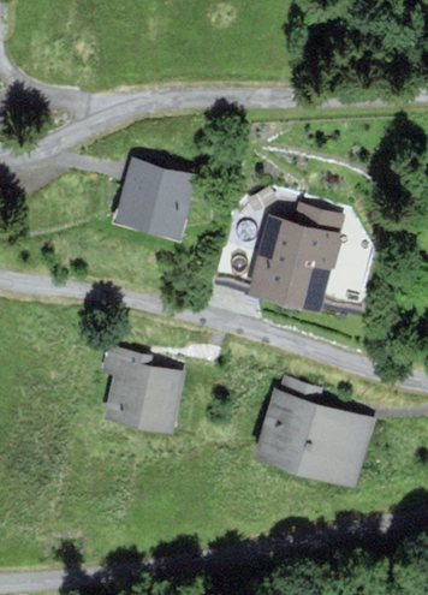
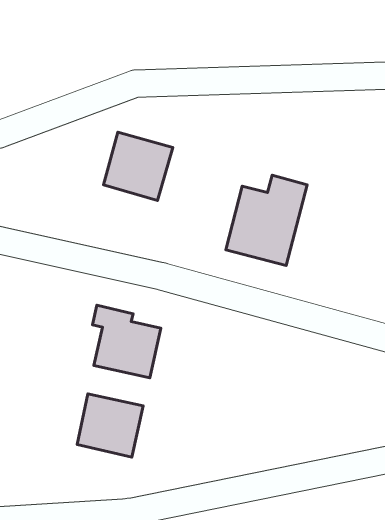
building: [258,393,370,481] -> none
building: none -> [77,394,143,457]

